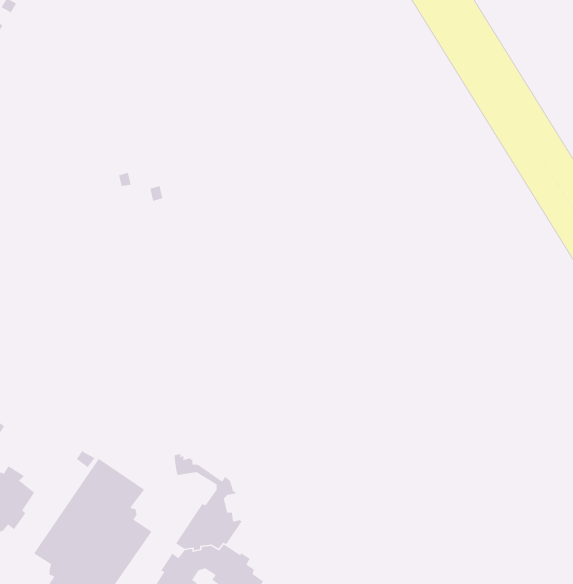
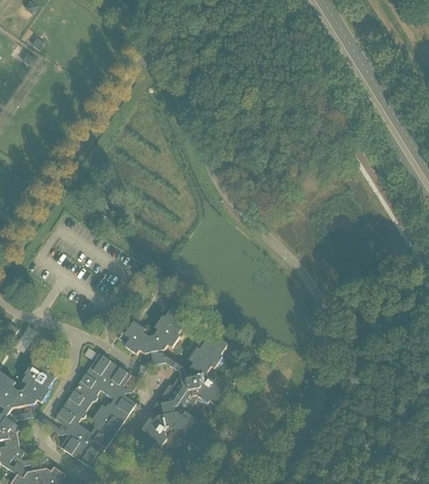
building: none -> [117,304,188,353]
building: none -> [185,338,226,405]

